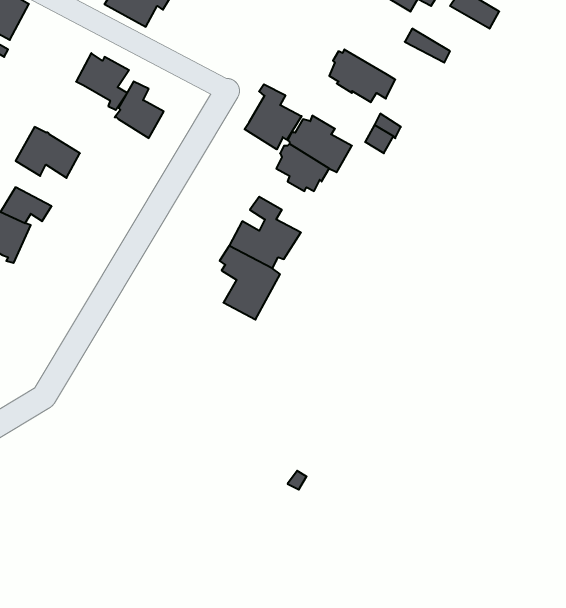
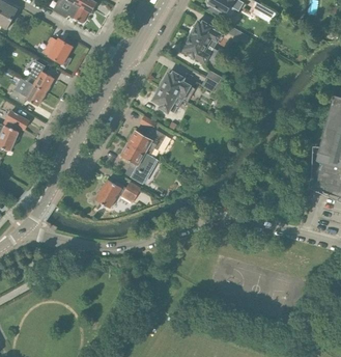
building: none -> [190,20,223,48]
building: [115,81,164,138] -> [27,60,54,91]
building: [245,84,302,149] -> none
building: none -> [95,179,141,208]

